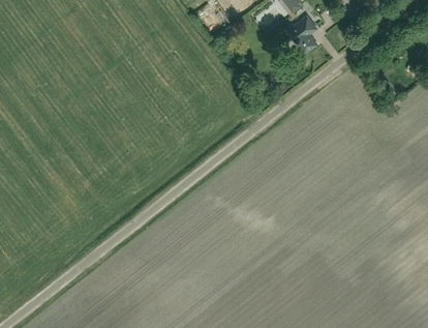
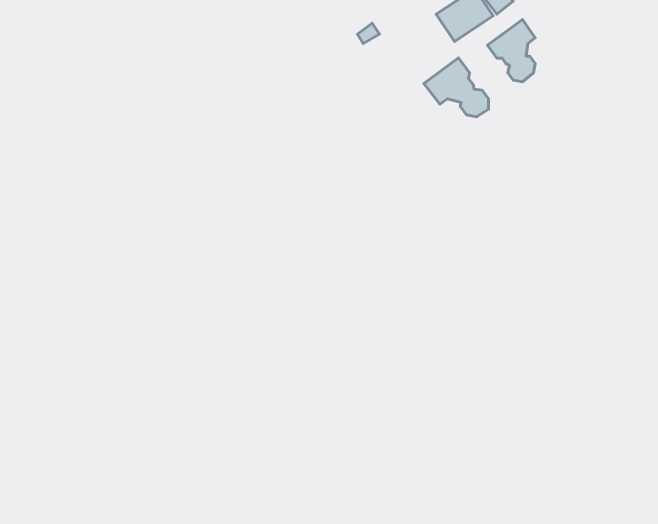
building: none -> [424,58,489,117]

